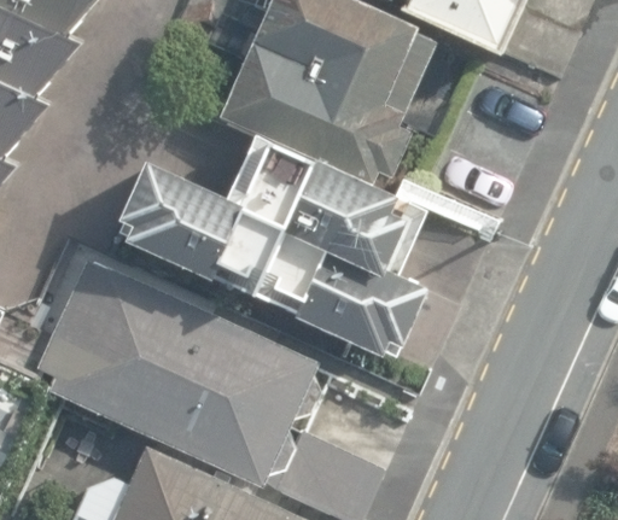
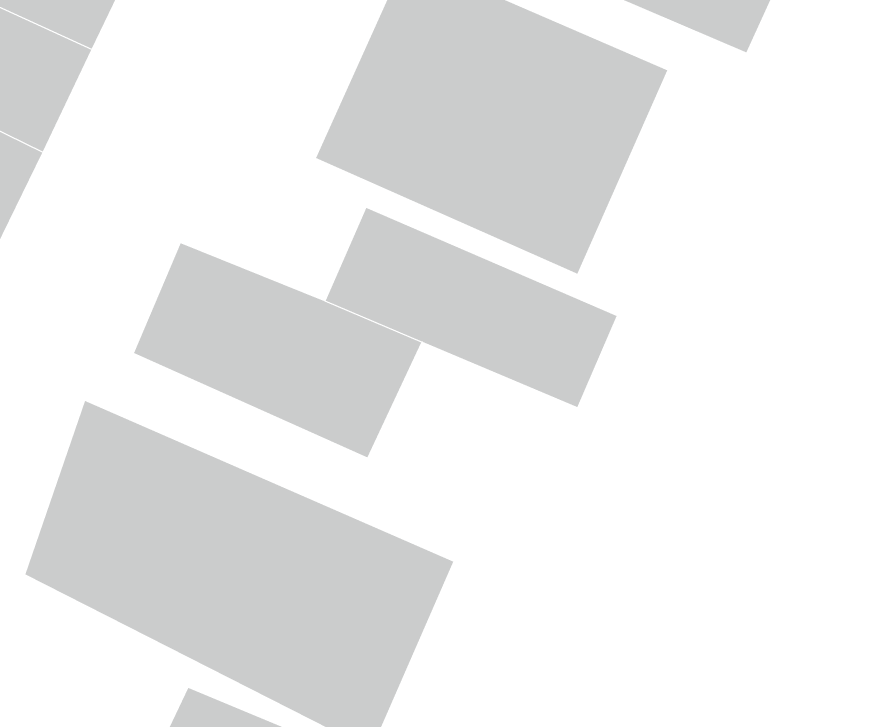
building: [257,224,418,357] -> none

